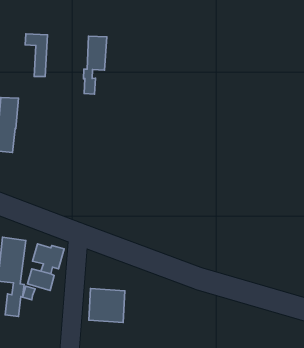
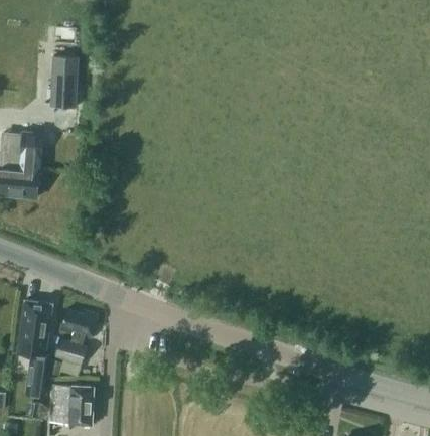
building: [84,36,107,94] -> none
building: [89,288,125,323] -> [49,385,93,426]

